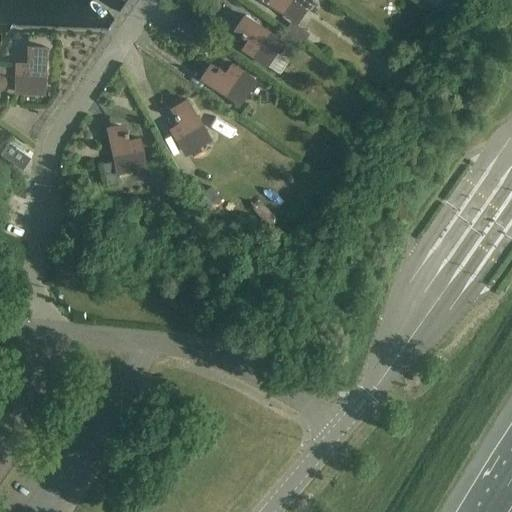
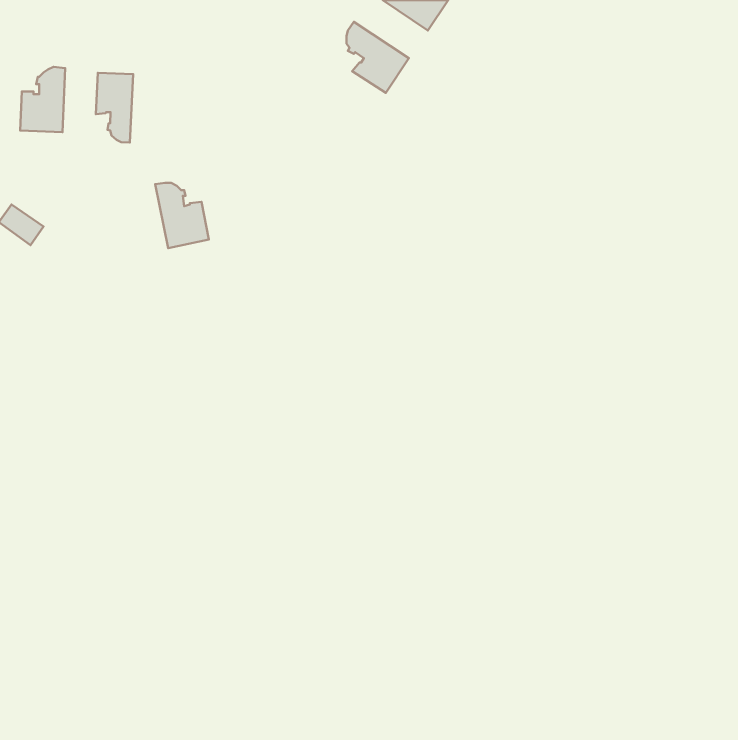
building: none -> [96,73,133,143]
building: [201,65,254,104] -> none
building: [166,98,210,156] -> none

